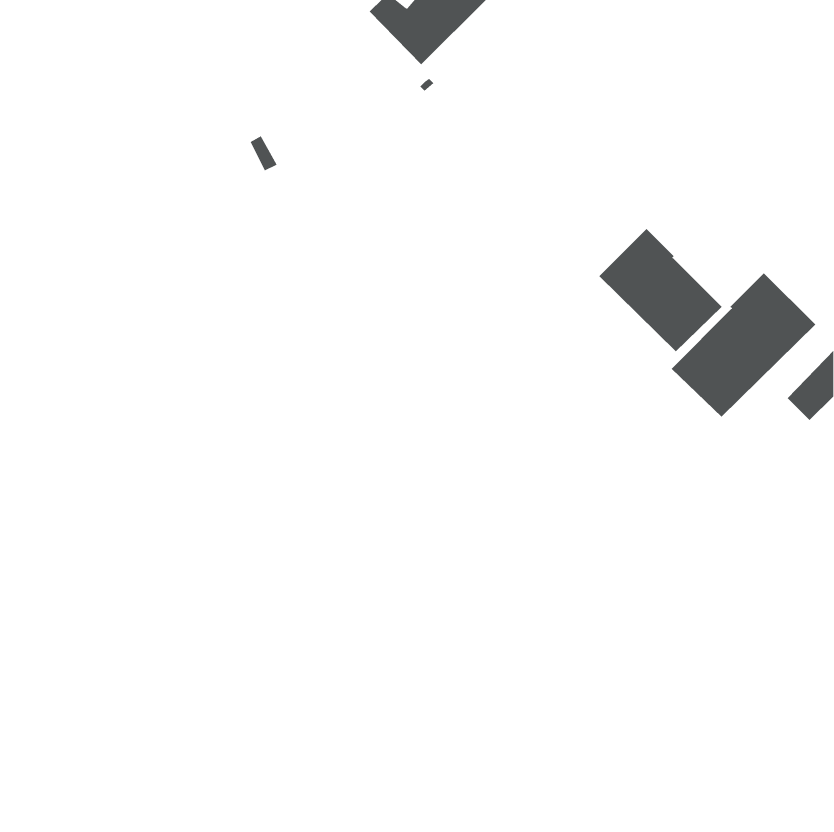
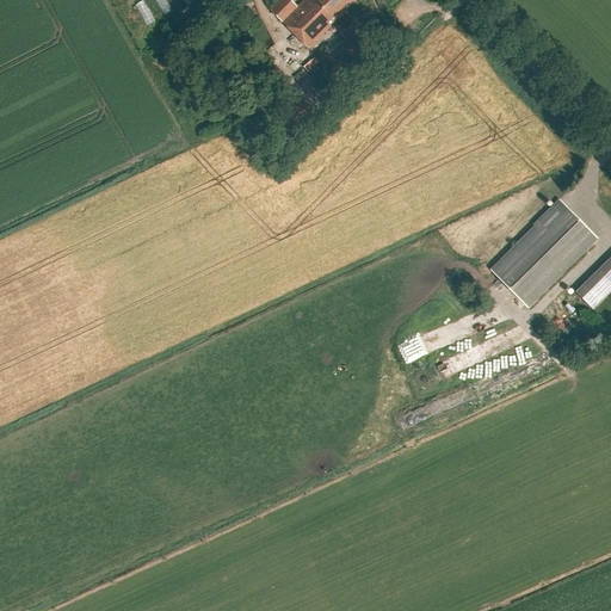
building: [598,228,722,352] -> none

